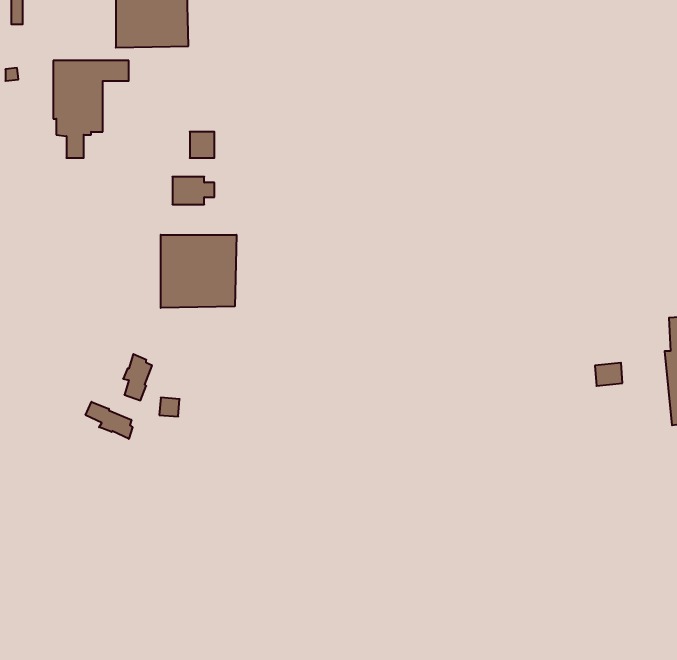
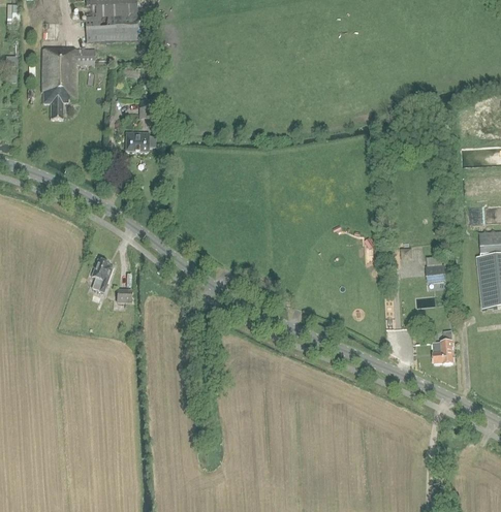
building: [161,235,236,308] -> none
building: [86,402,133,439] -> none
building: none -> [432,331,453,365]

